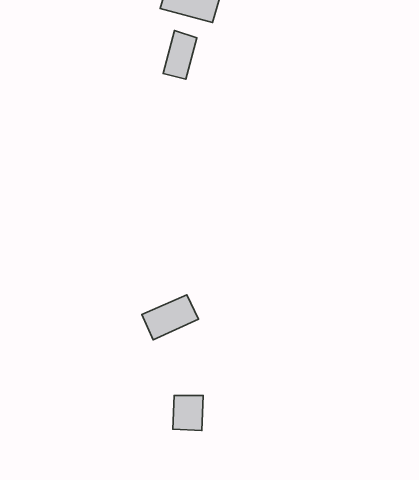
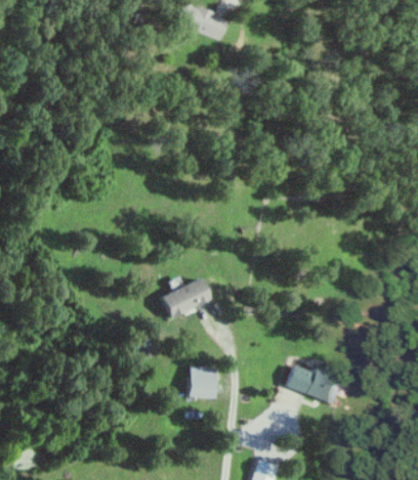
building: [163,30,197,79] -> none
building: none -> [285,365,343,404]

